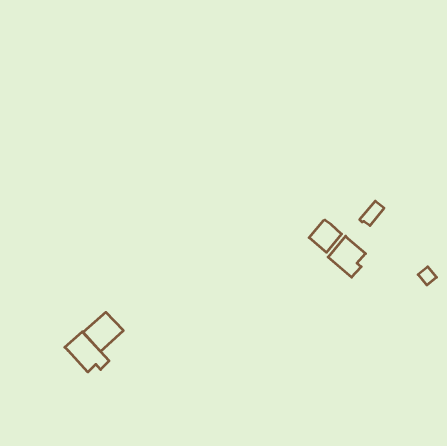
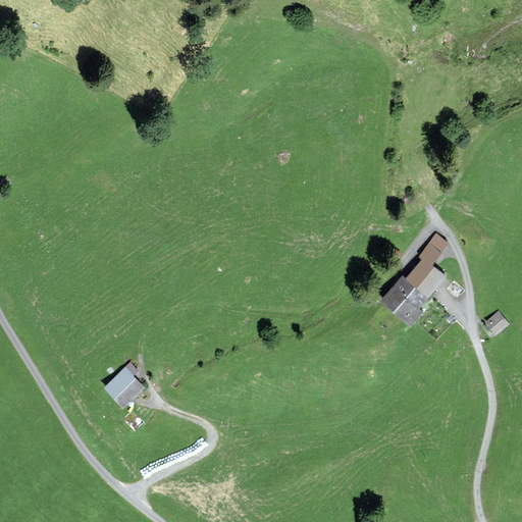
building: [309,220,342,252] -> [406,258,443,296]
building: [65,332,109,372] -> none

